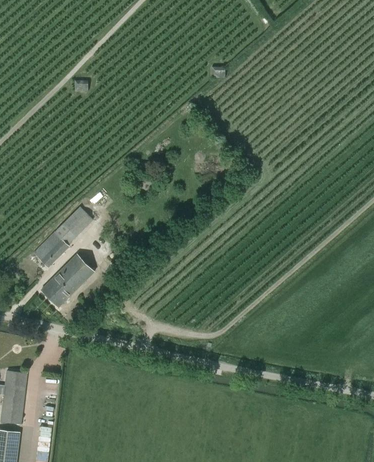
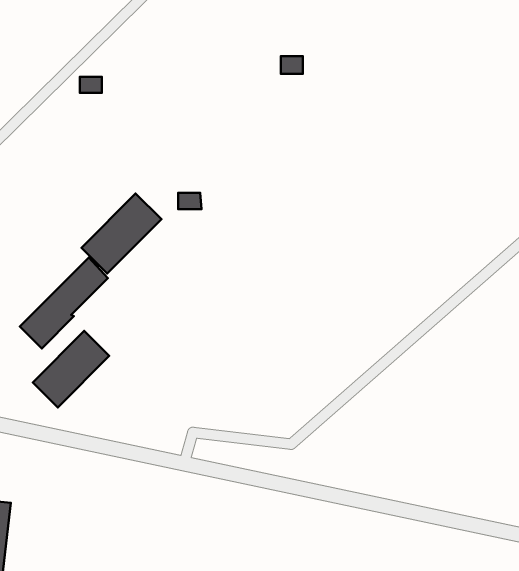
building: none -> [81,193,161,274]

